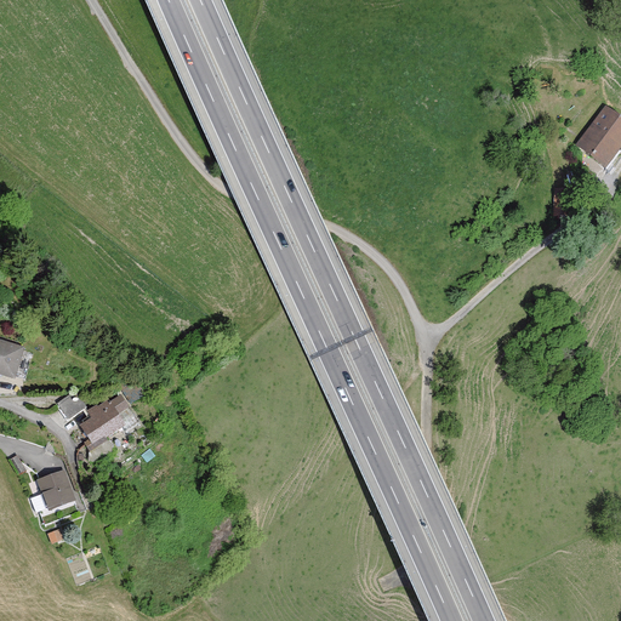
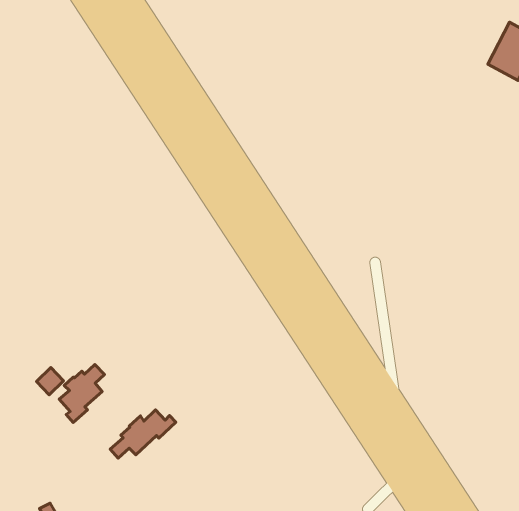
building: none -> [110,410,176,458]
building: [25,473,69,514] -> none

